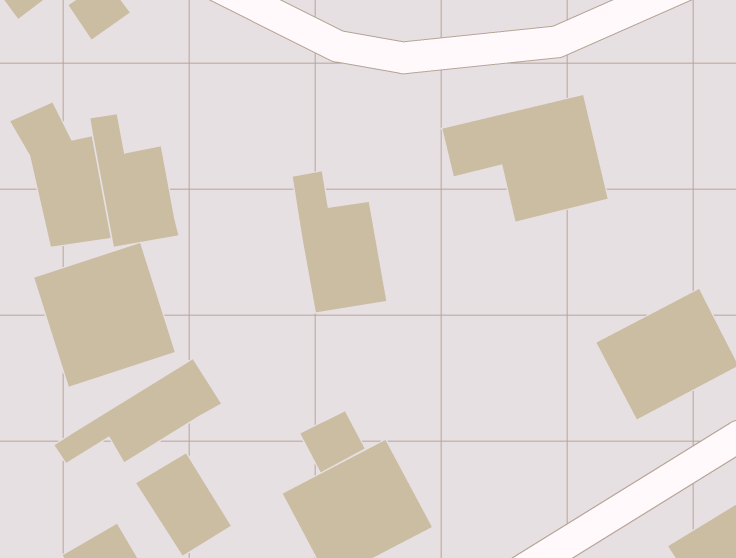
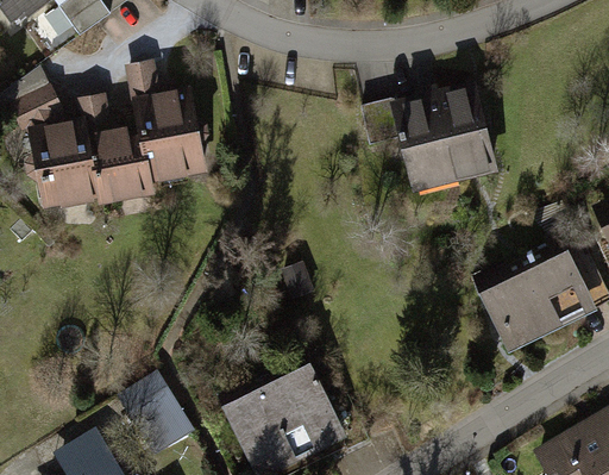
building: [292,171,387,313] -> [124,67,201,182]
building: [34,242,176,387] -> none
building: [53,358,222,464] -> none
building: [300,410,365,473] -> none

